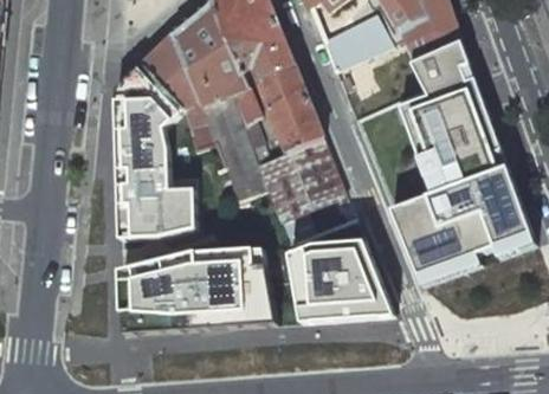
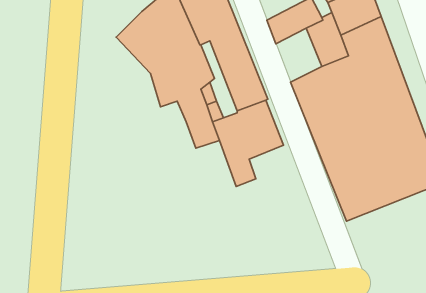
building: [115,62,195,235] -> none
building: [290,240,394,319] -> none
building: [121,247,274,331] -> none

